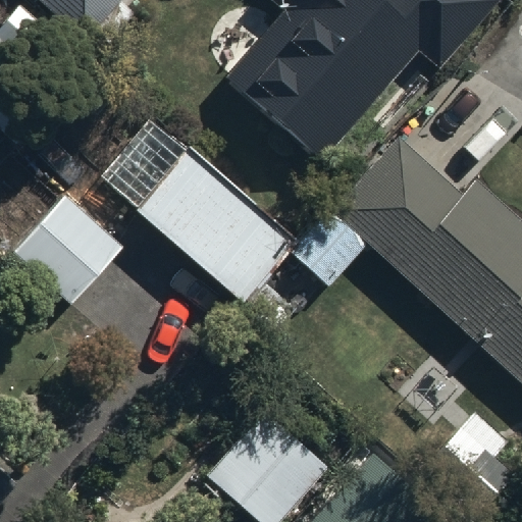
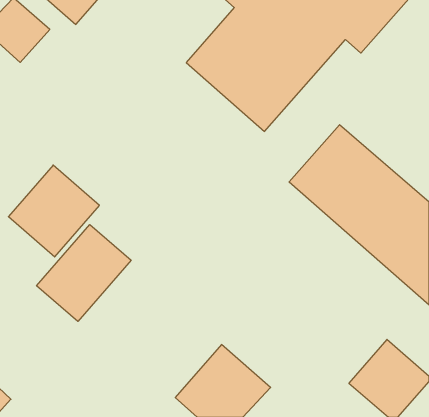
building: [133,151,293,304] -> none
building: none -> [37,225,131,321]

